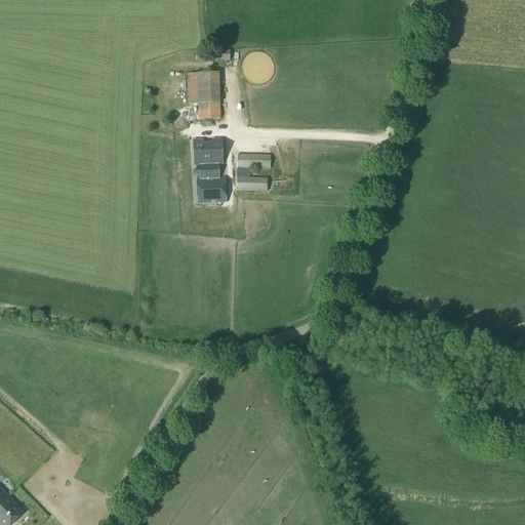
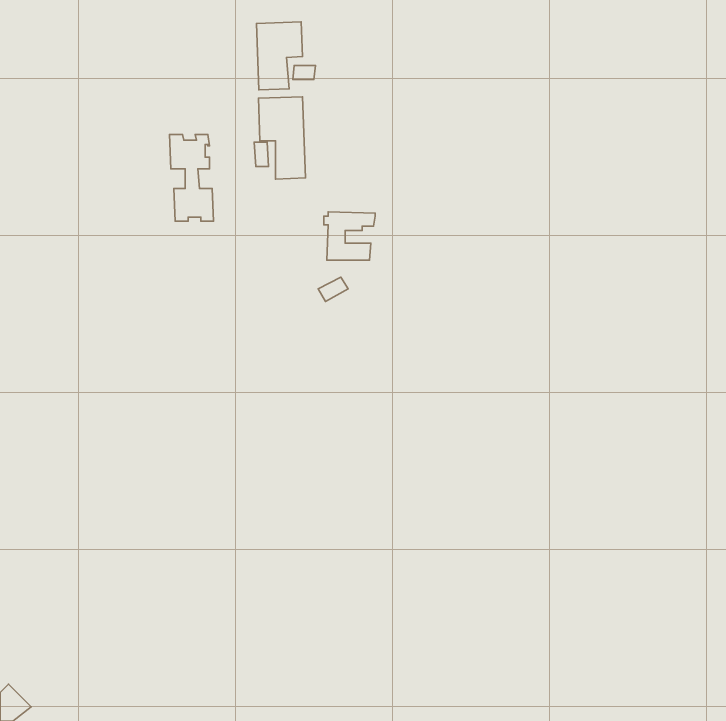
building: none -> [257,22,302,90]
building: [194,137,226,200] -> [170,135,214,221]

